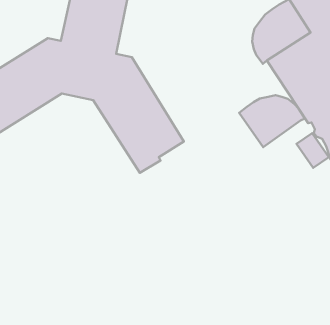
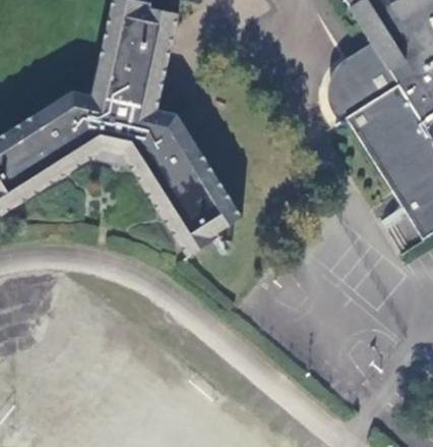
building: [239,95,305,147] -> none

